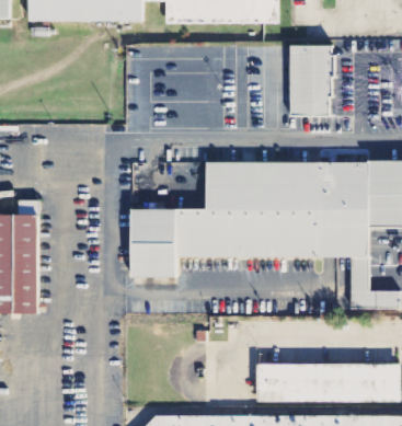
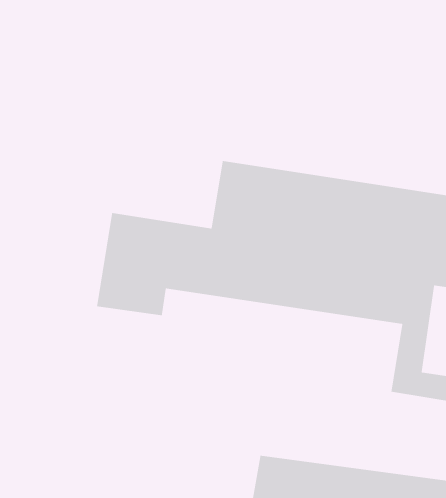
building: [291,44,334,115] -> none

